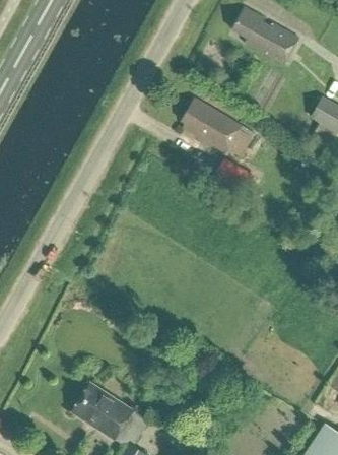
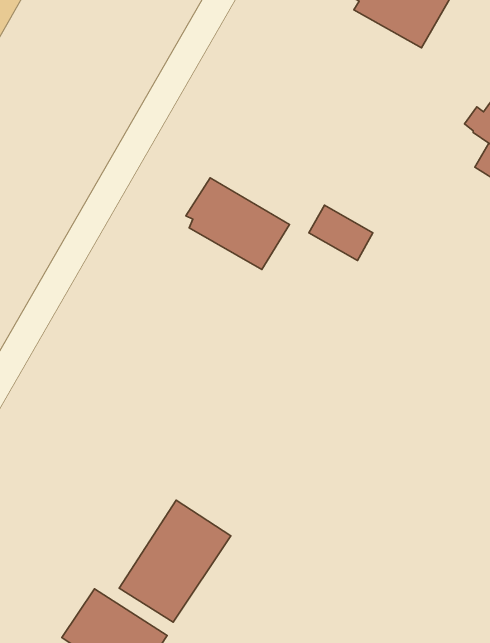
building: [181,99,242,152] -> [186,178,290,269]
building: none -> [119,500,231,622]

